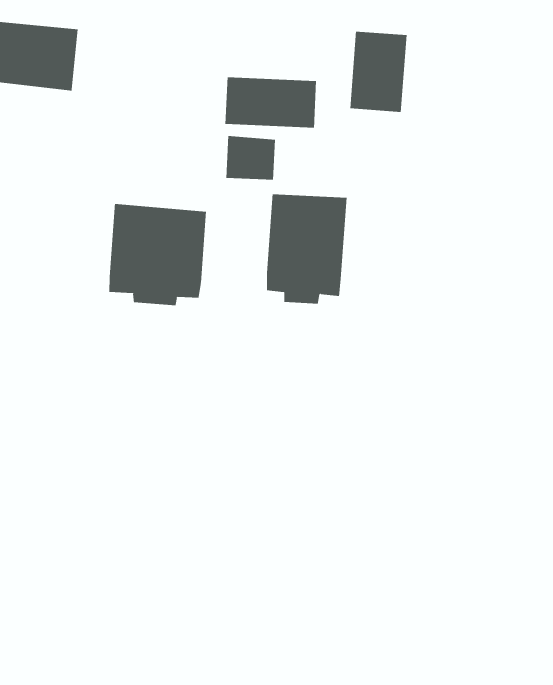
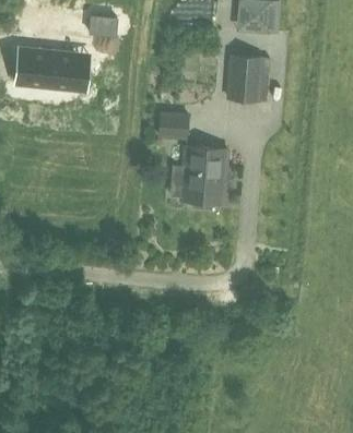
building: [225,76,317,128] -> none
building: [109,203,206,306] -> none

